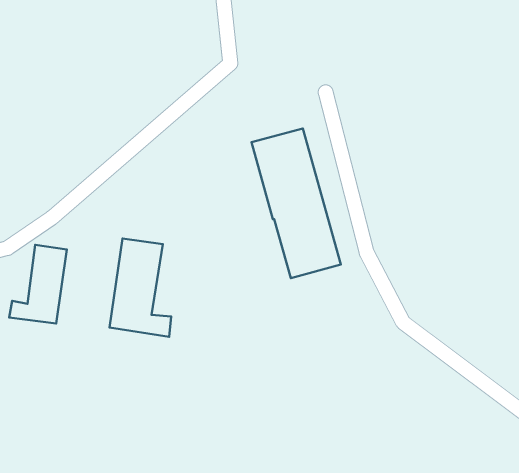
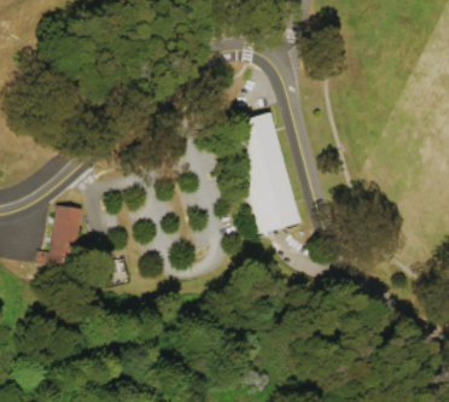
building: [110,239,171,337] -> none

